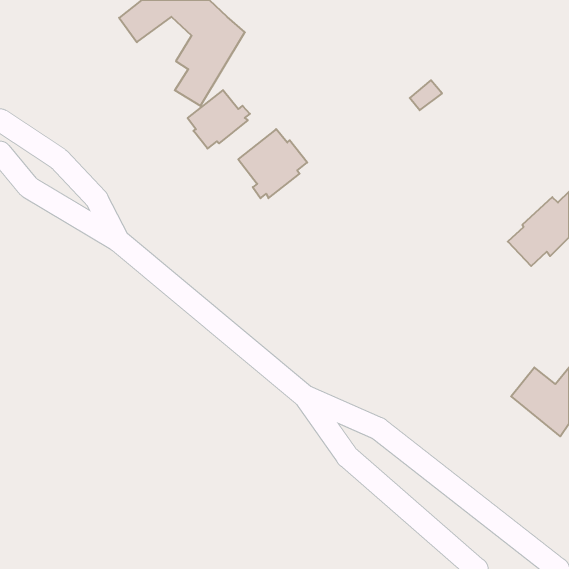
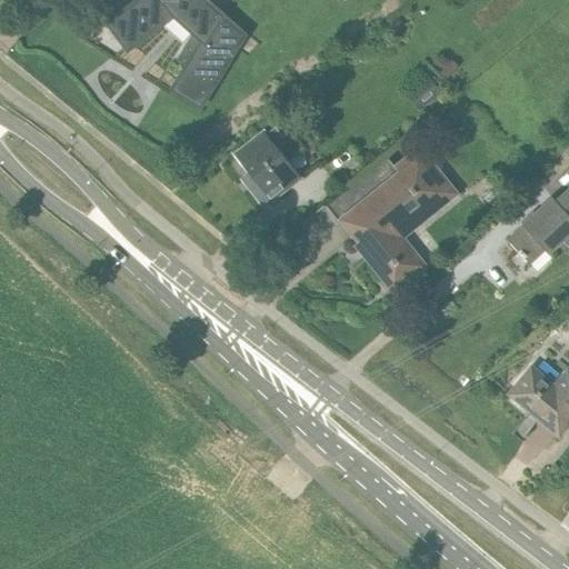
building: [188,90,250,149] -> none
building: none -> [333,146,460,288]

